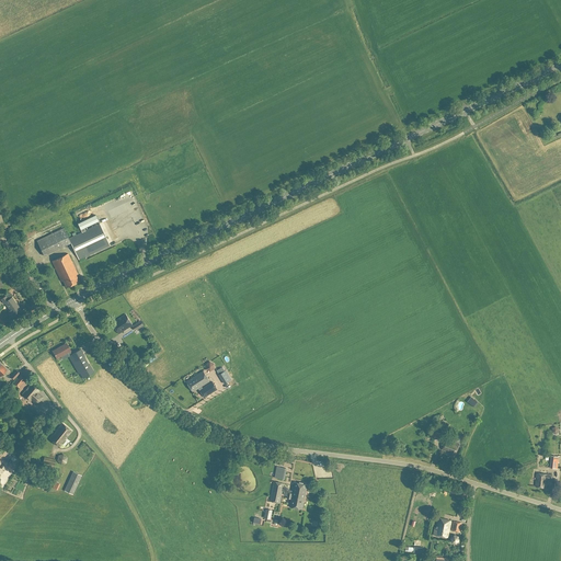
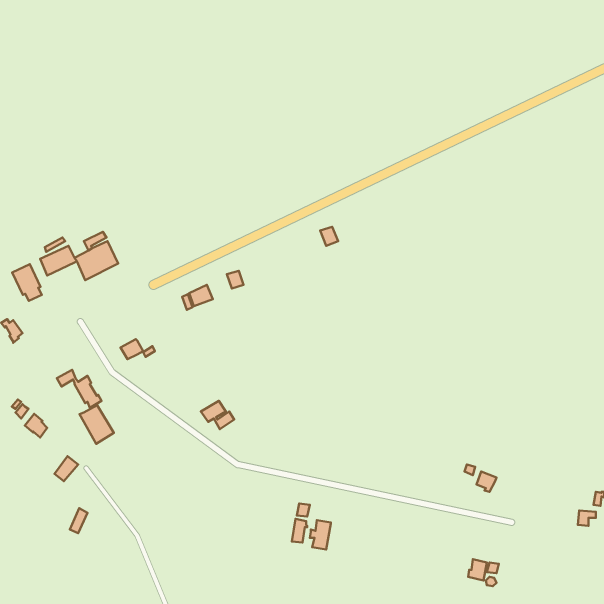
building: [51,253,79,287] -> [12,264,42,301]
building: none -> [79,405,114,444]

